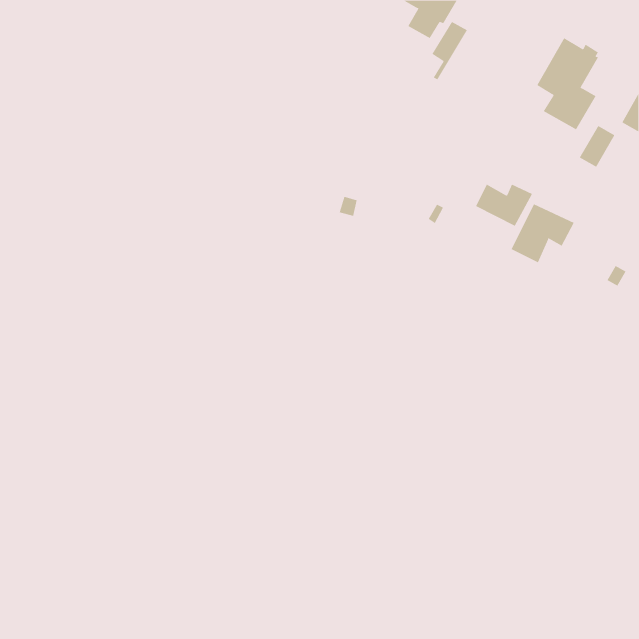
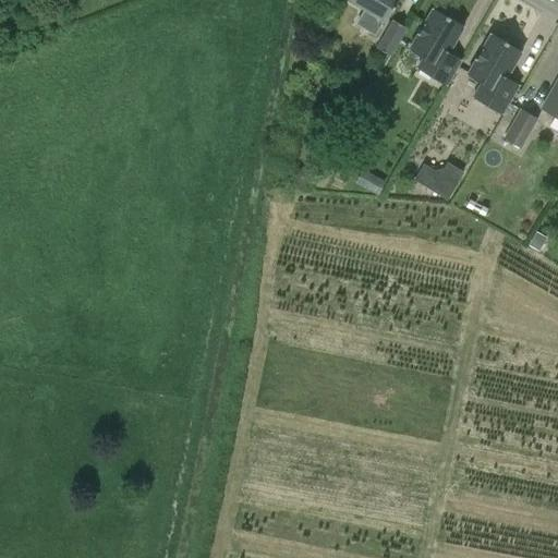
building: none -> [410,8,464,85]
building: [511,204,574,263] -> none

